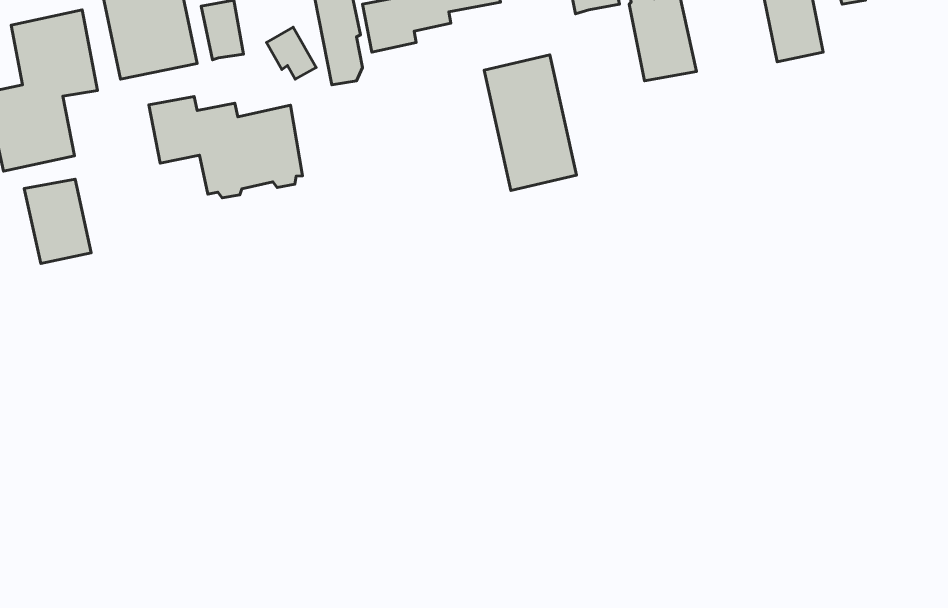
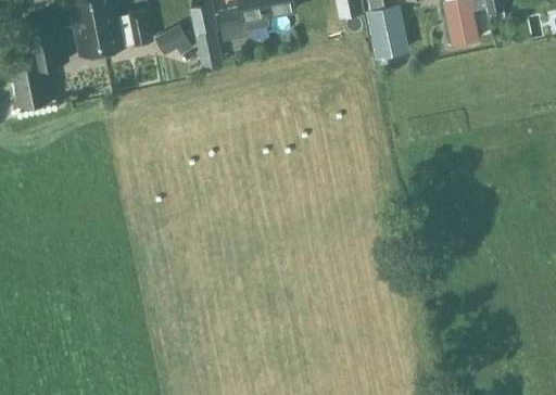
building: [484,55,577,191] -> none
building: [149,97,302,198] -> none
building: [24,179,91,264] -> none

